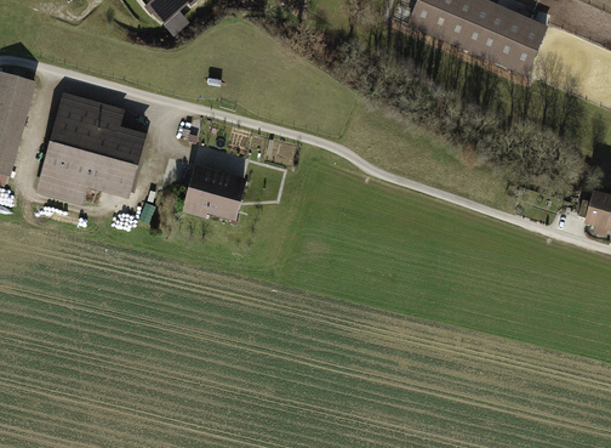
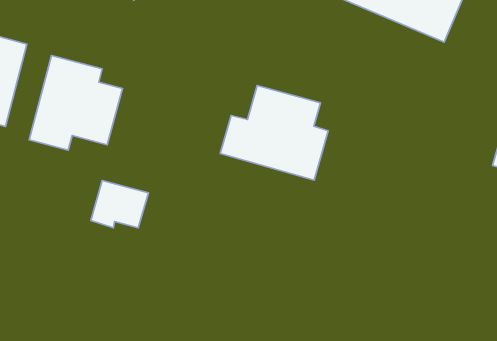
building: none -> [220,85,328,180]
building: [178,163,246,219] -> [91,180,148,228]

